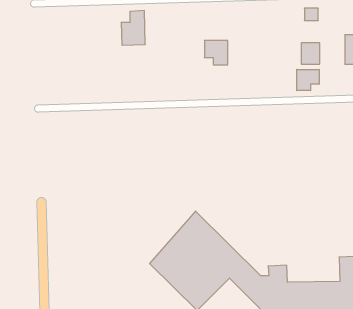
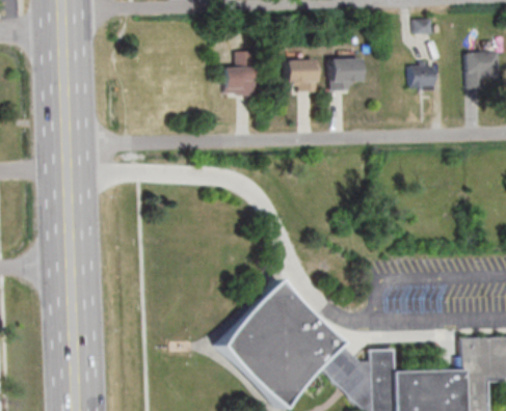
building: [121,11,145,45] -> [225,50,257,94]
building: none -> [331,58,362,90]
building: [297,69,319,91] -> none

